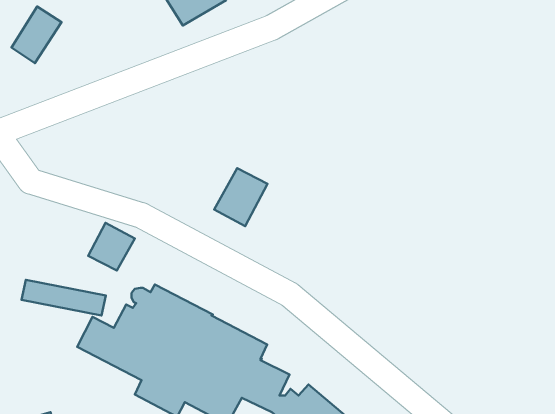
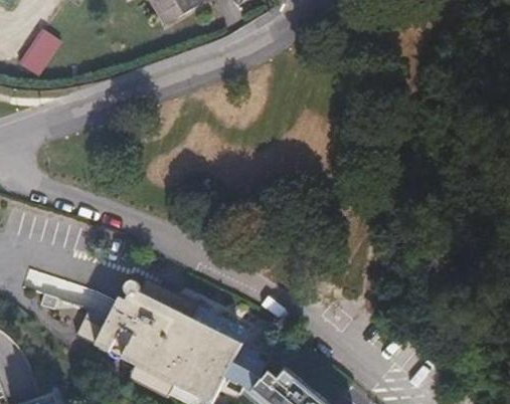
building: [214,168,268,226] -> none
building: [88,223,135,270] -> none

